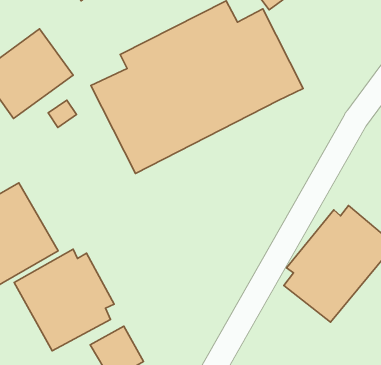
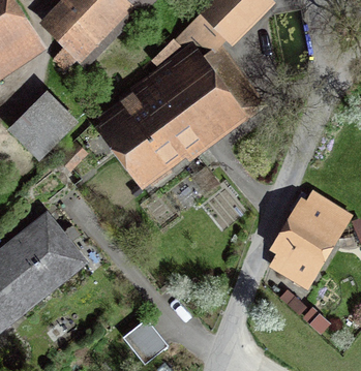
building: [14,249,114,351] -> none

